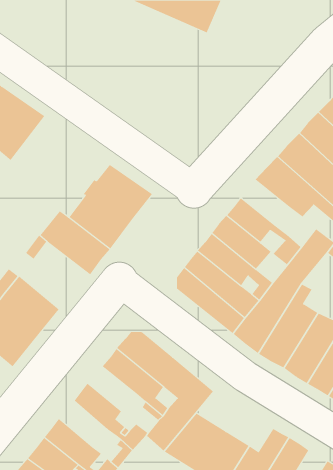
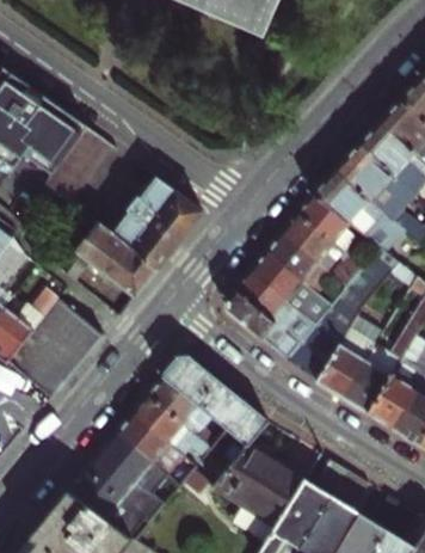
building: none -> [44,127,113,203]
building: none -> [296,195,349,244]
building: none -> [131,395,184,444]
building: none -> [100,432,153,483]

